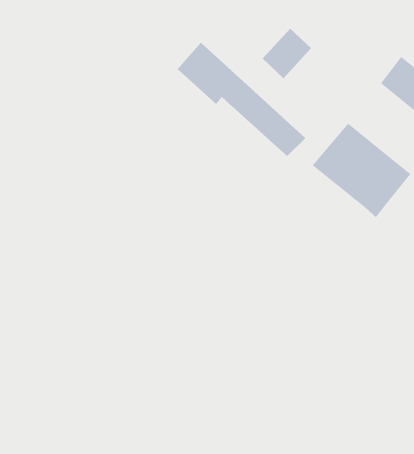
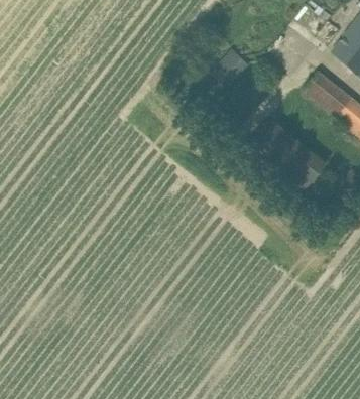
building: [177,42,306,157] -> none

